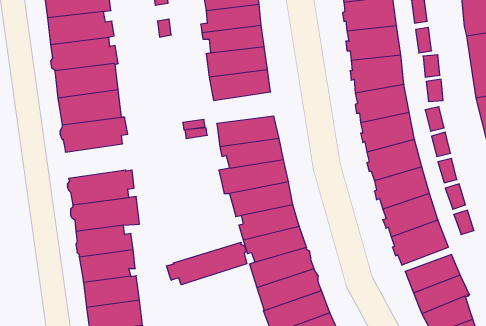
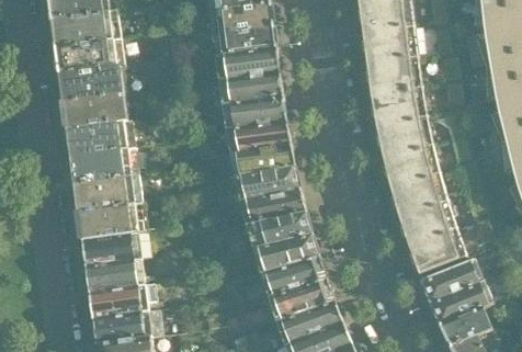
building: none -> [224,96,286,129]
building: none -> [68,150,138,186]
building: [166,242,247,285] -> none

